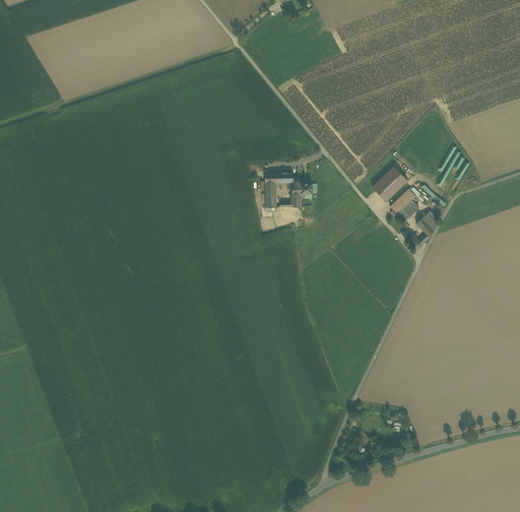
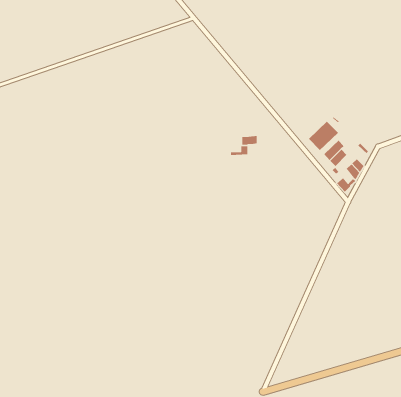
building: [265,173,282,207] -> none

